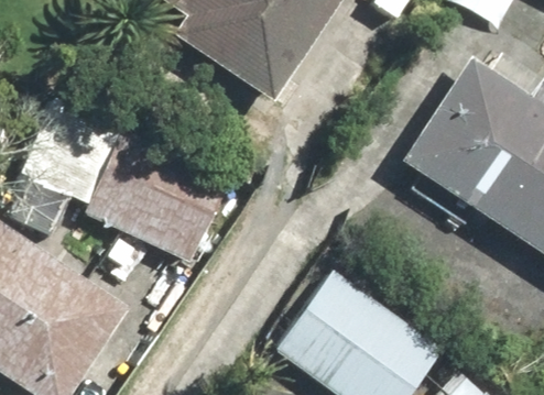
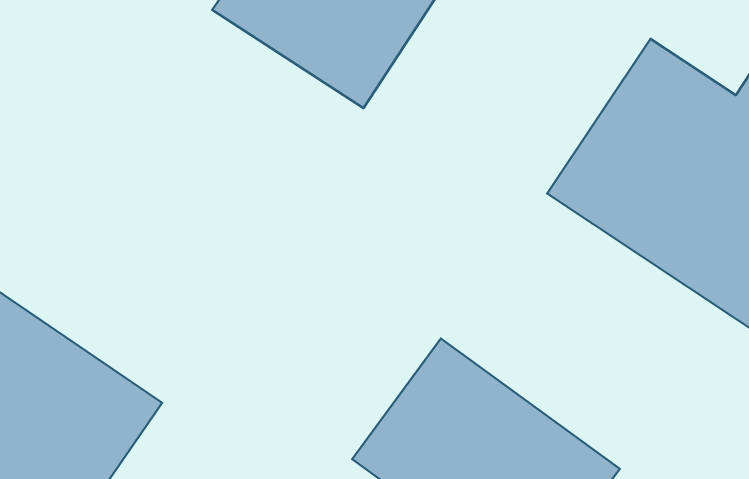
building: [48,136,228,263] -> none

